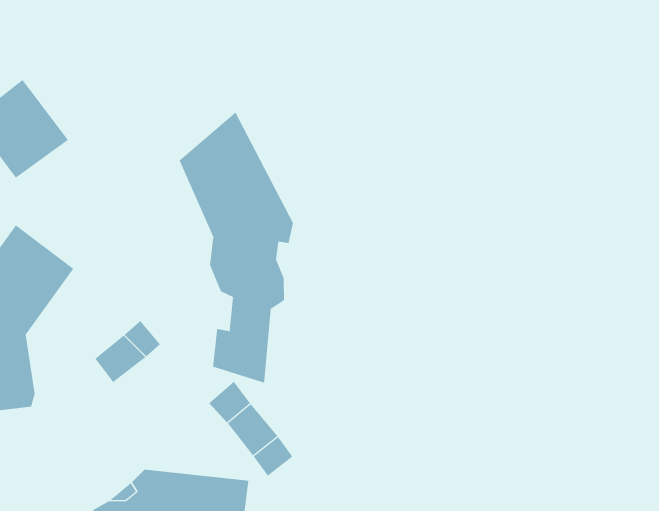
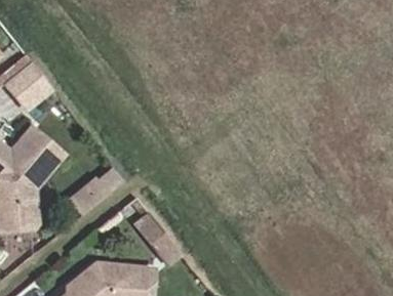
building: [179,112,293,384] -> none

